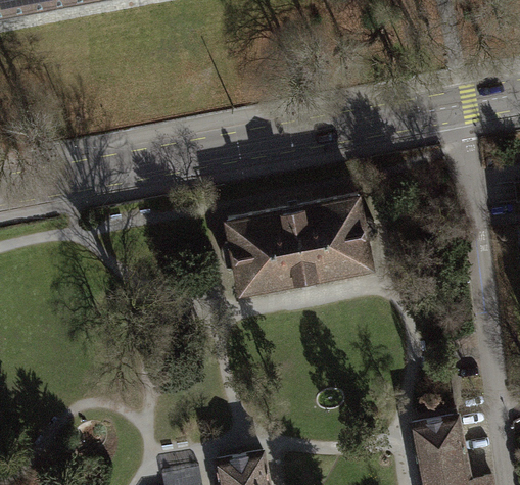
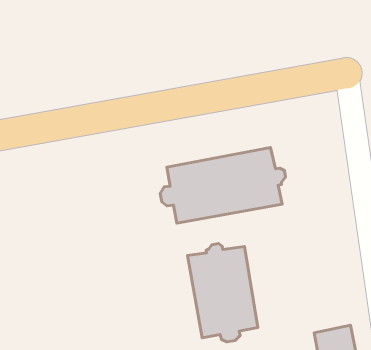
building: none -> [187,243,258,342]

